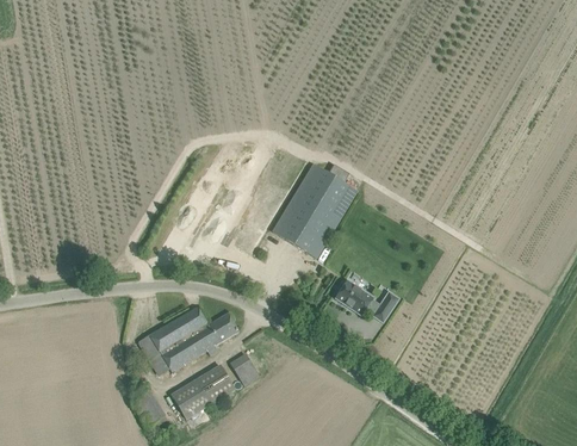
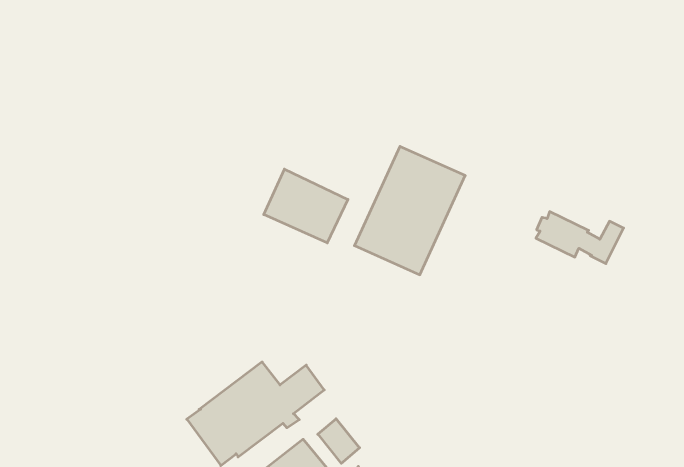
building: none -> [264,169,348,243]
building: [335,279,398,321] -> [536,212,624,264]

